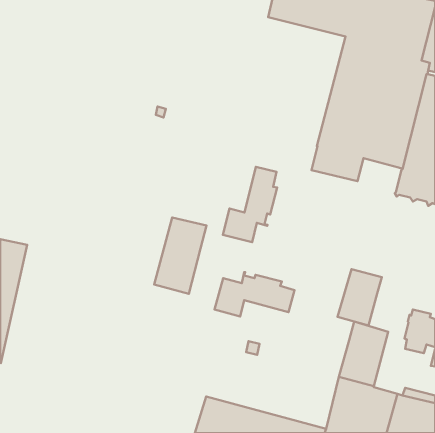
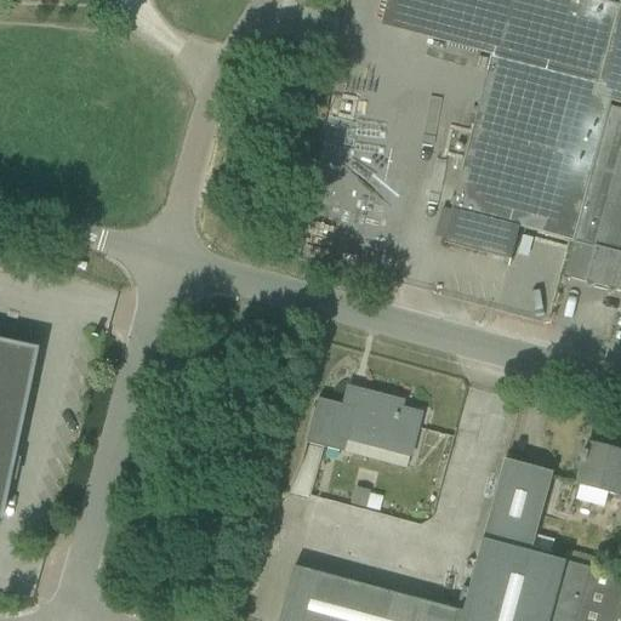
building: [223,167,277,242] -> none
building: [154,217,206,294] -> none
building: [338,269,382,326] -> none

